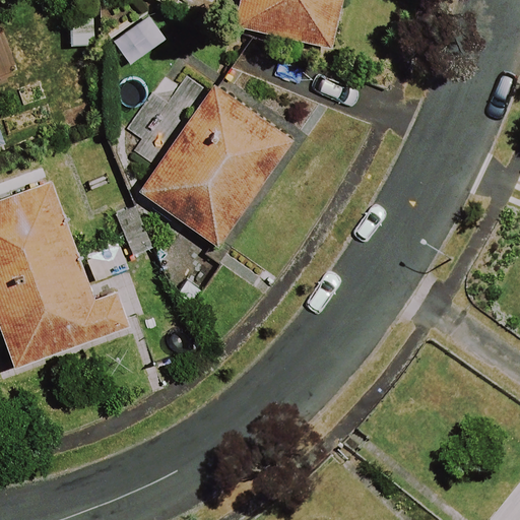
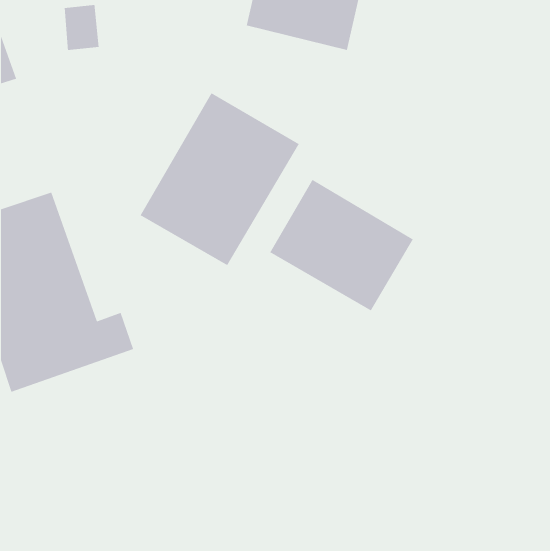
building: none -> [269,179,414,311]

